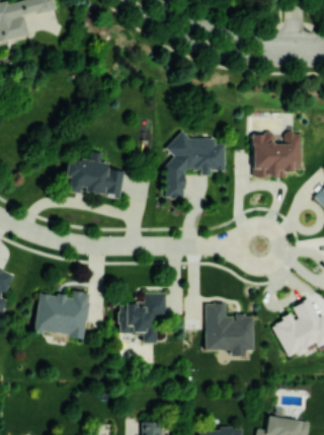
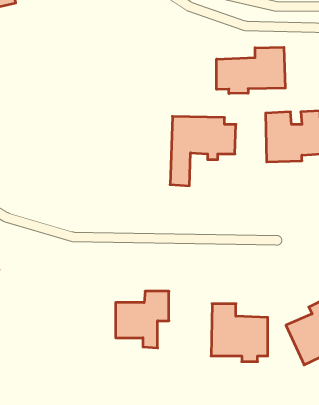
building: none -> [217,47,285,94]
building: [63,157,124,197] -> none
building: [33,289,90,337] -> none

